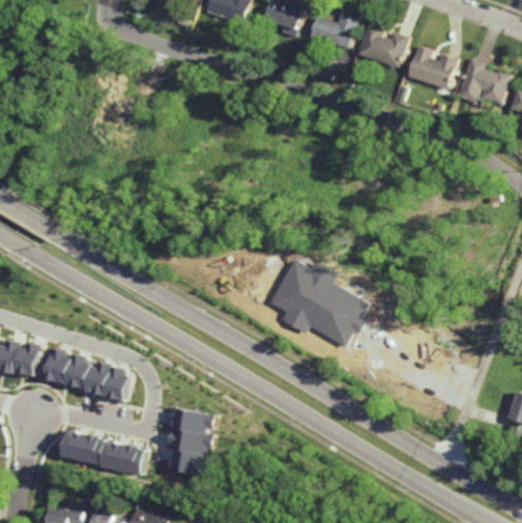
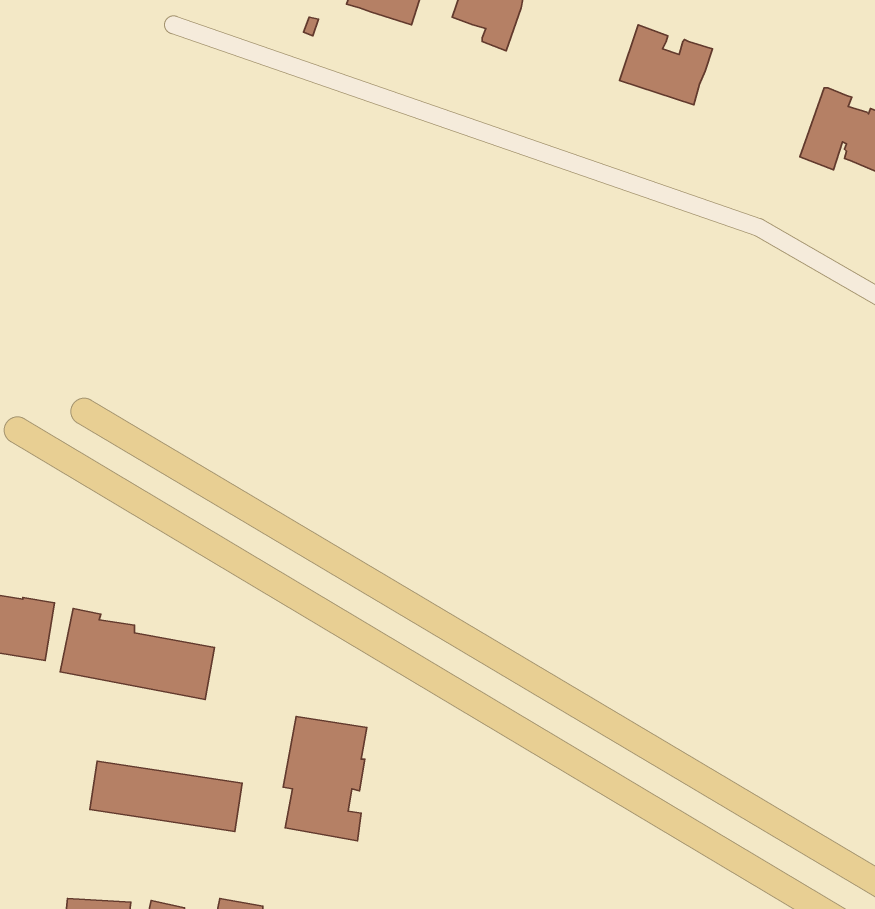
building: [309,14,357,49] -> none
building: [407,47,458,90] -> none
building: [271,259,369,346] -> none

